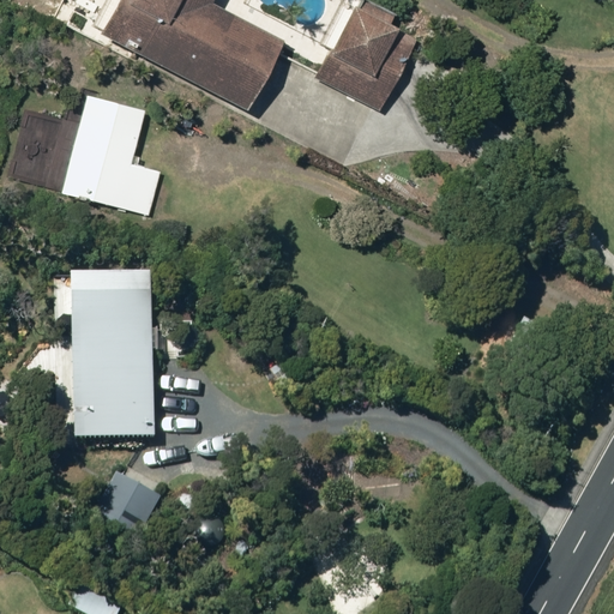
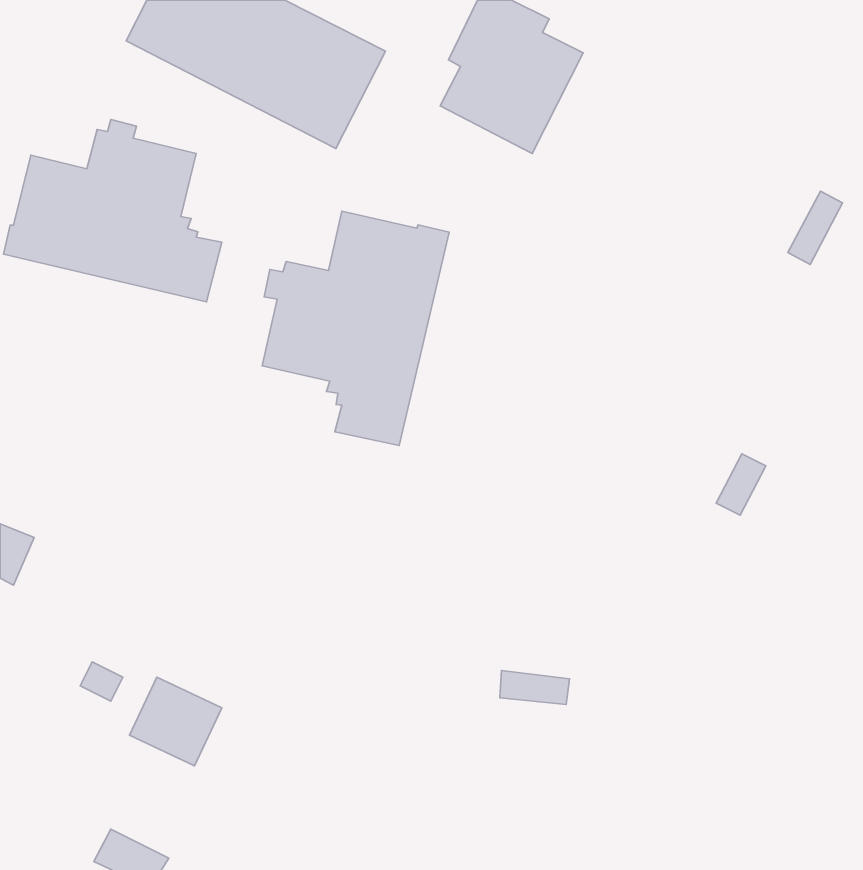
building: none -> [262,211,449,445]
building: [71,289,156,441] -> none

